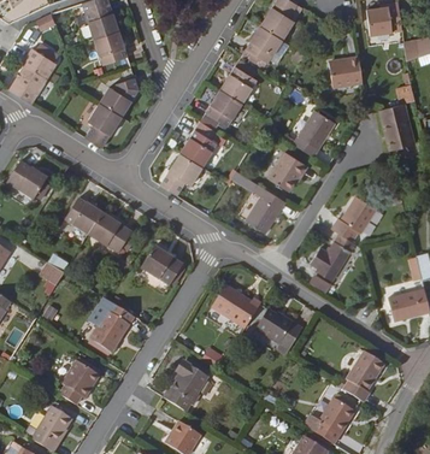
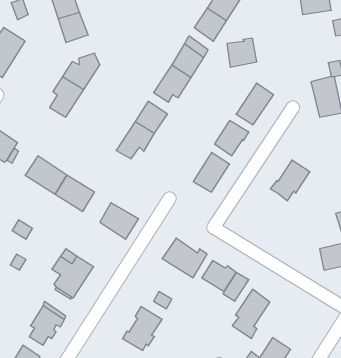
building: [328,57,361,89] -> [227,38,257,67]
building: [308,234,355,282] -> none
building: [343,348,385,403] -> [232,289,270,338]

